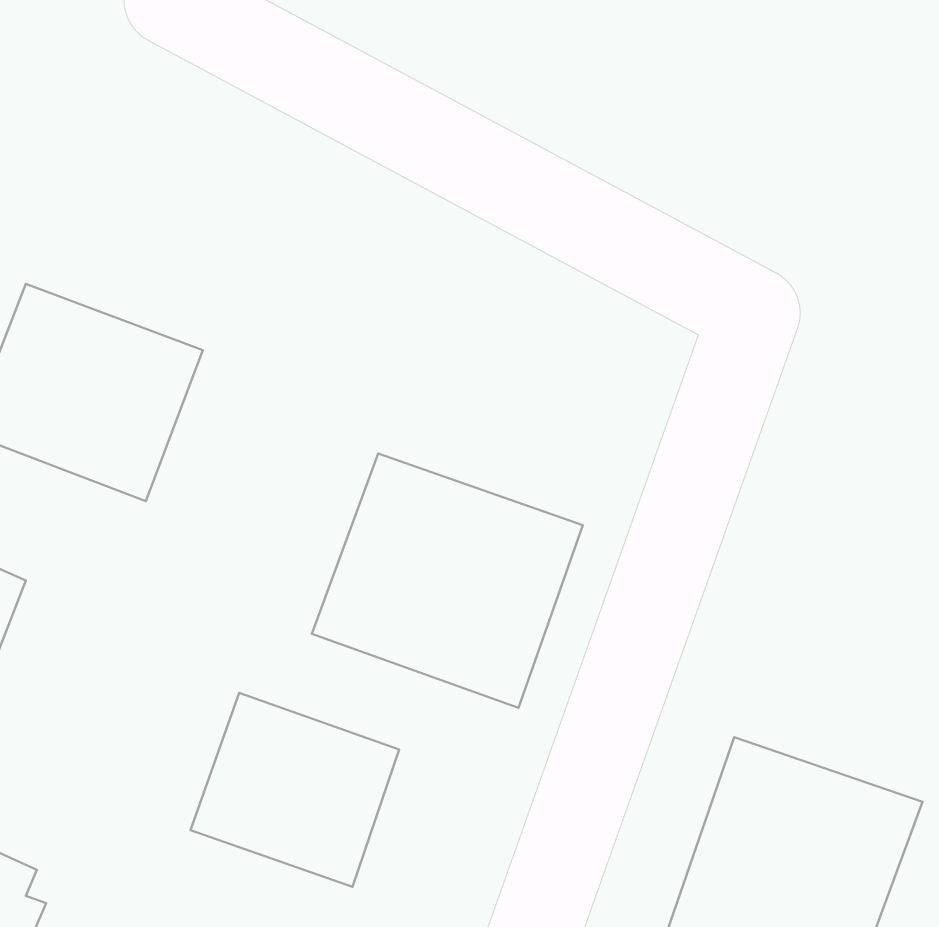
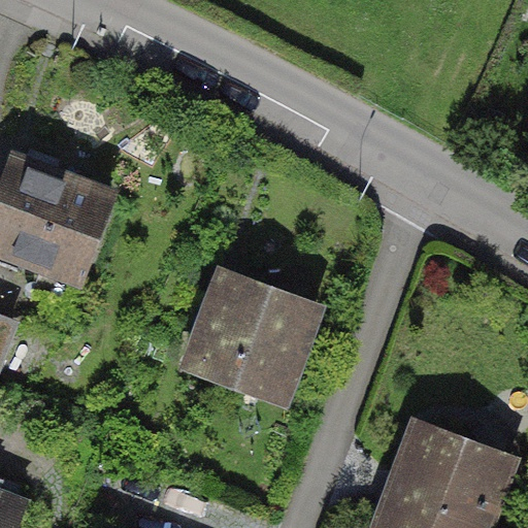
building: [191,693,399,887] -> none

